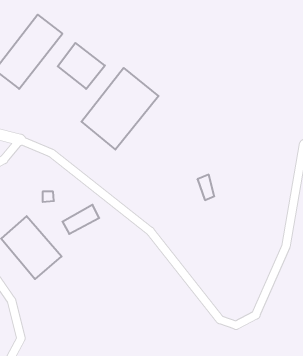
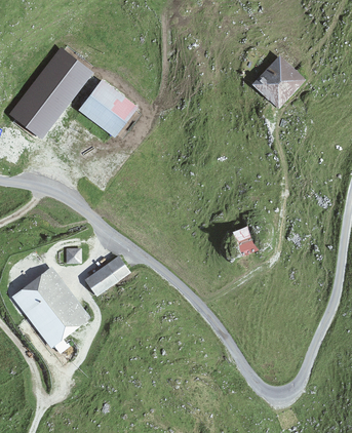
building: none -> [256,62,299,105]
building: [81,68,159,150] -> none

